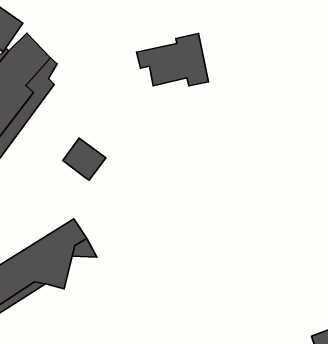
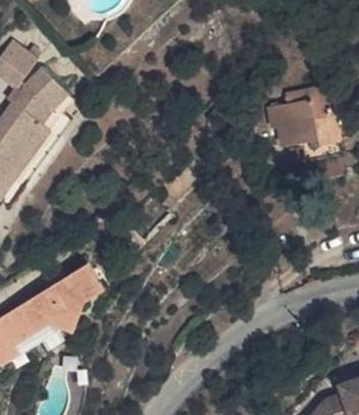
building: [137,34,209,86] -> [266,87,341,141]
building: [63,138,106,180] -> none

